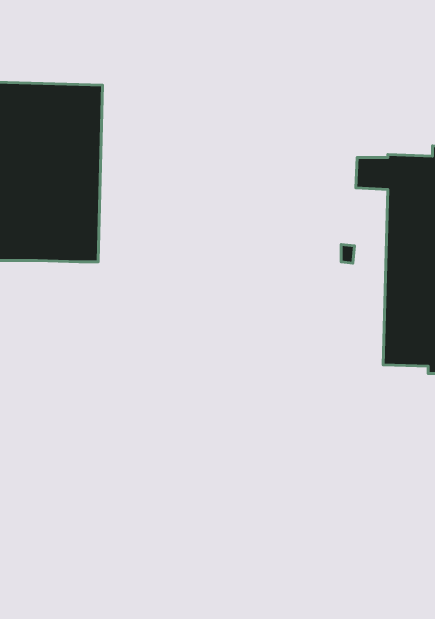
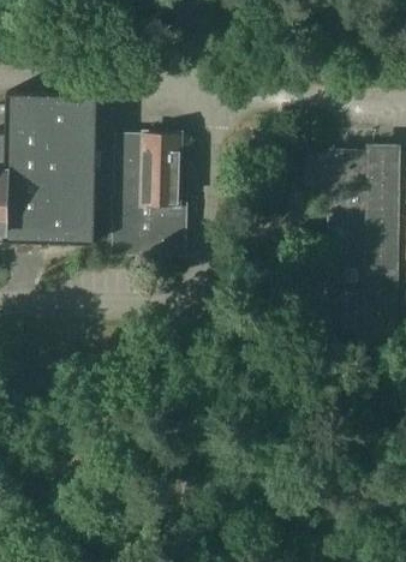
building: none -> [115,132,187,253]

